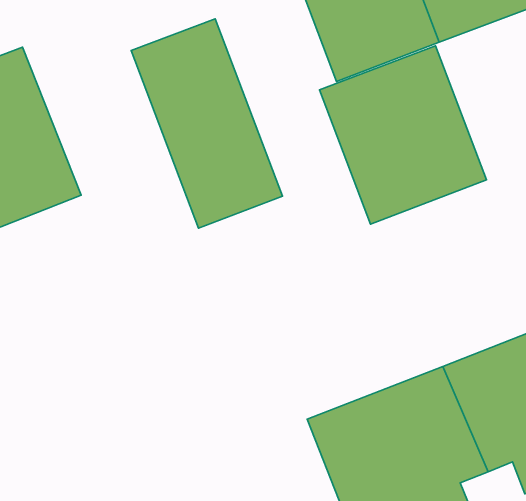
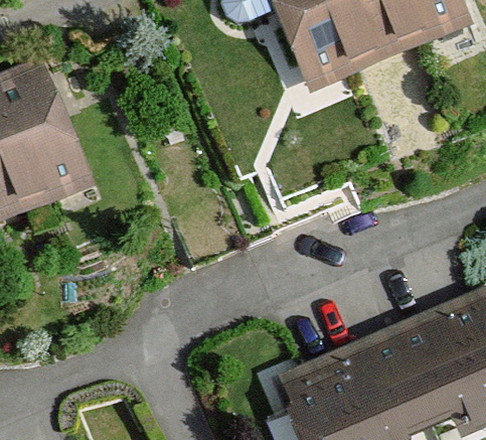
building: [131,19,282,228] -> none
building: [320,46,487,224] -> none

